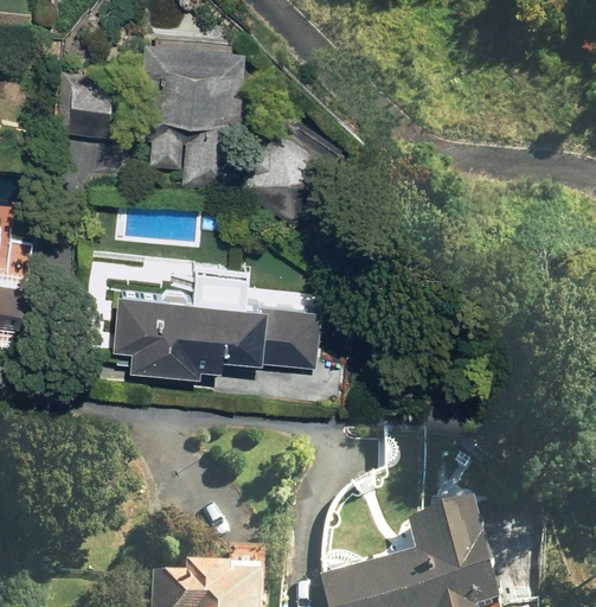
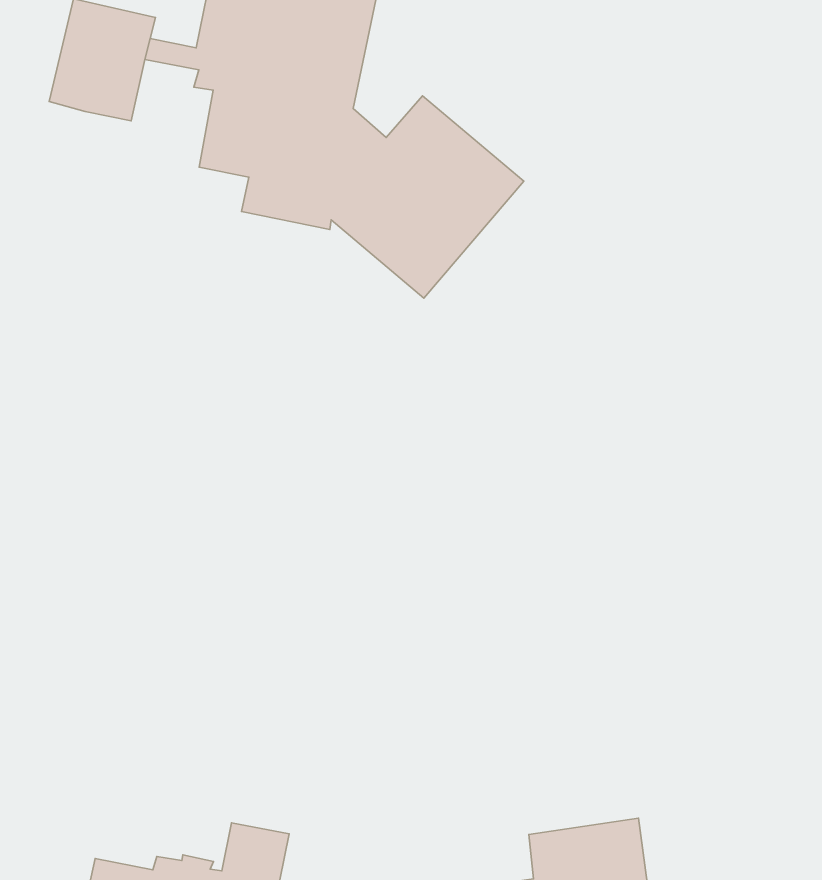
building: [111,274,328,381] -> none

